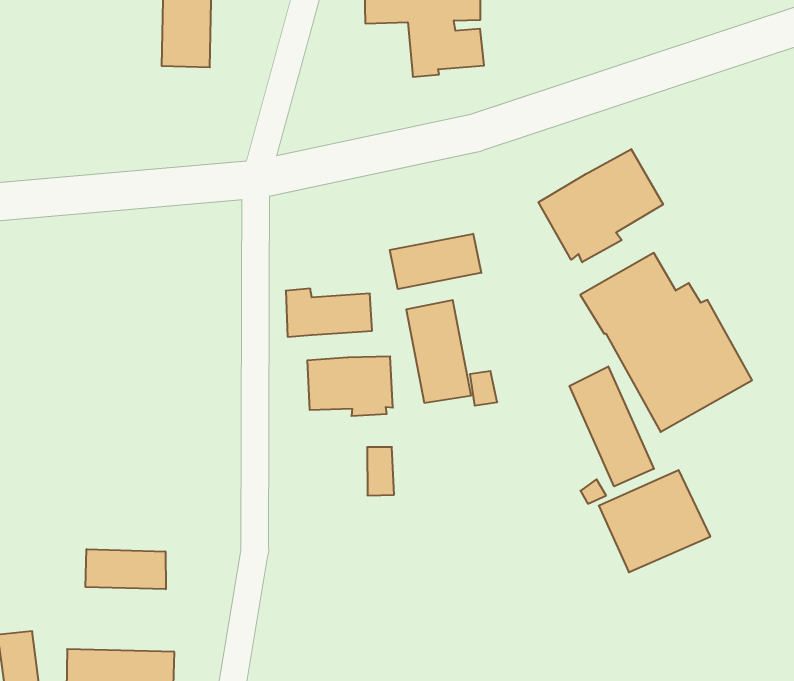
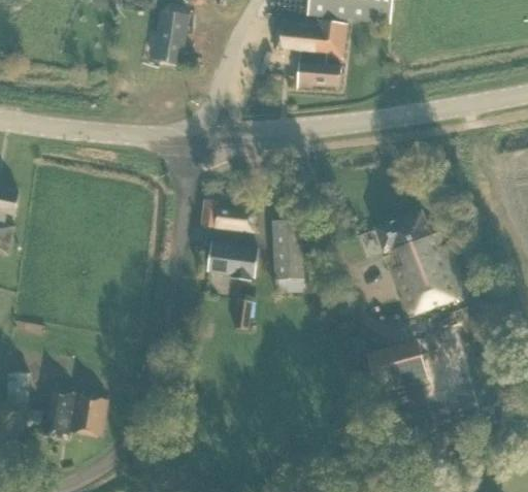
building: [539,149,663,262] -> none
building: [390,234,481,289] -> none
building: [570,366,654,486] -> none
building: [86,549,166,589] -> none

